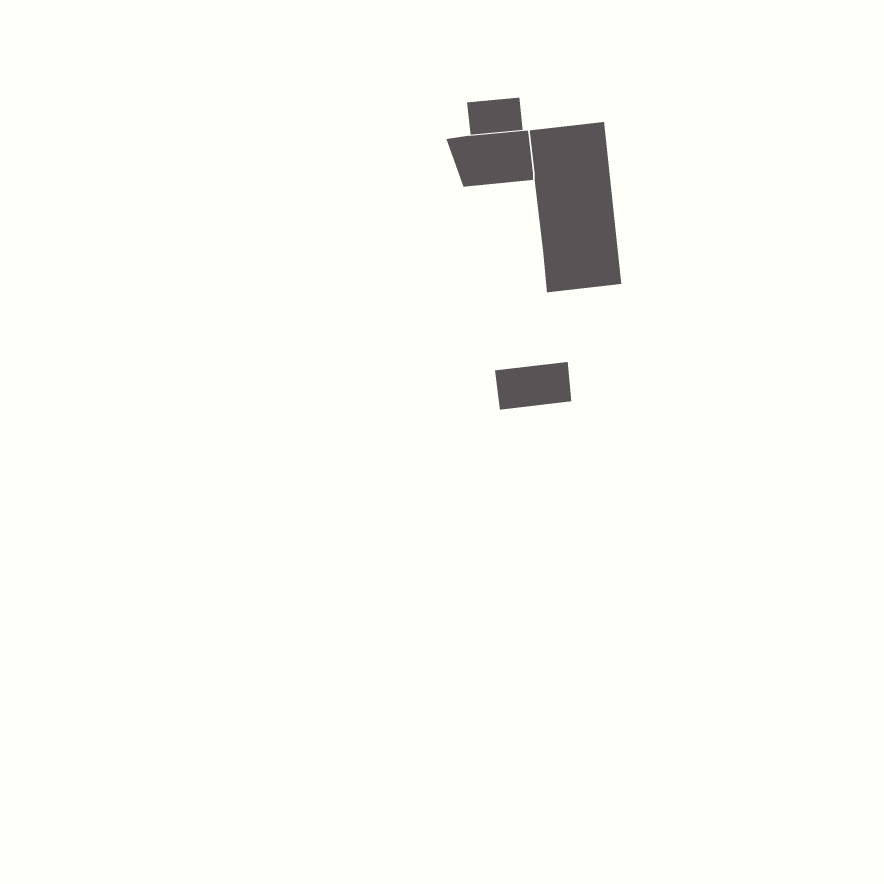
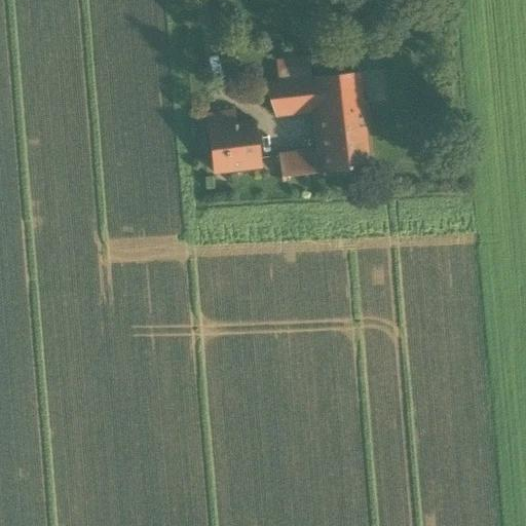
building: none -> [206,112,261,174]
building: [494,361,572,410] -> [278,150,325,179]

